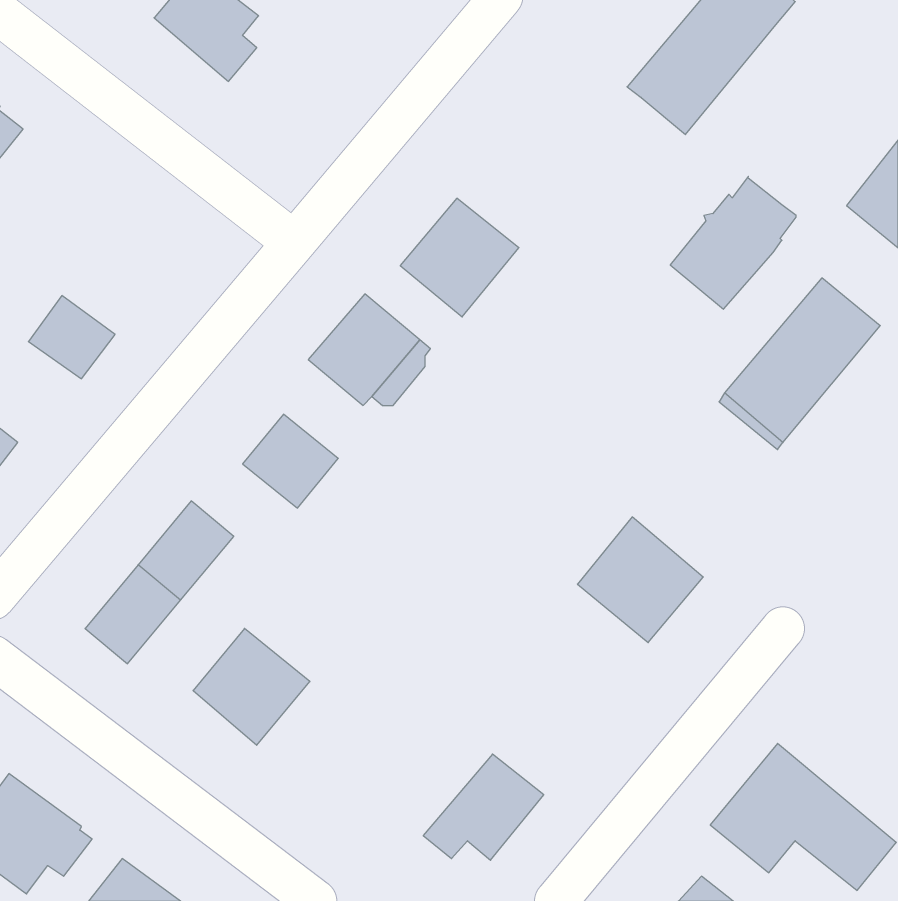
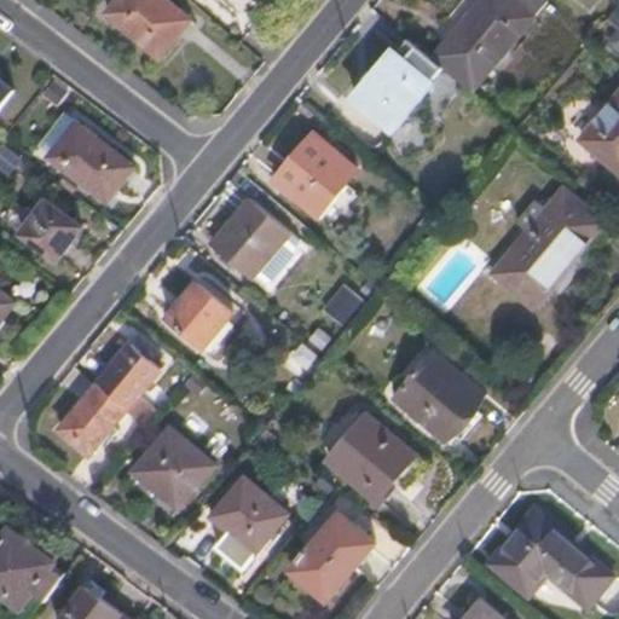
building: [670,176,796,309] -> [352,40,438,131]
building: none -> [46,122,132,203]
building: none -> [328,416,411,503]
building: none -> [208,478,284,571]

